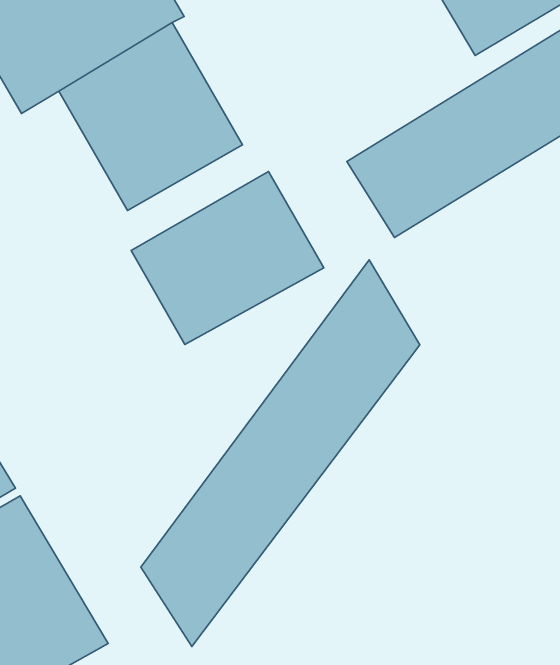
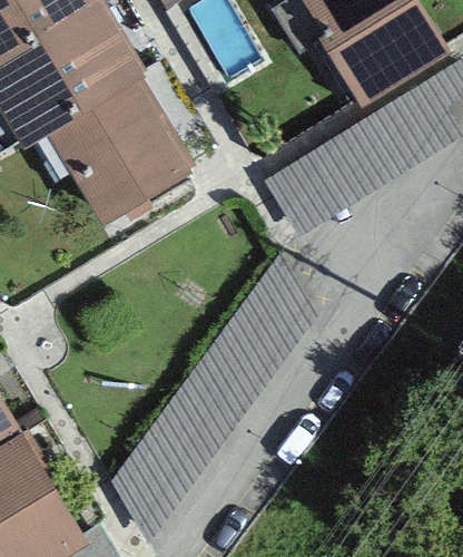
building: [131,172,324,345] -> none

